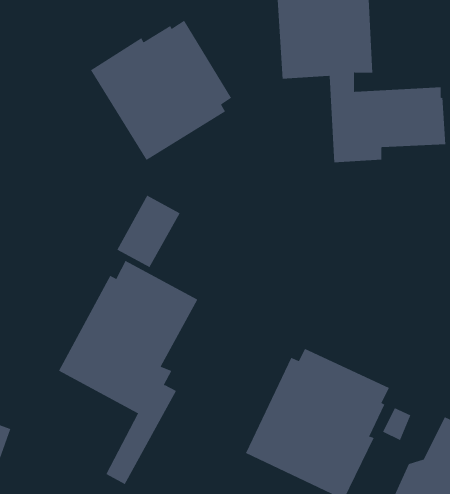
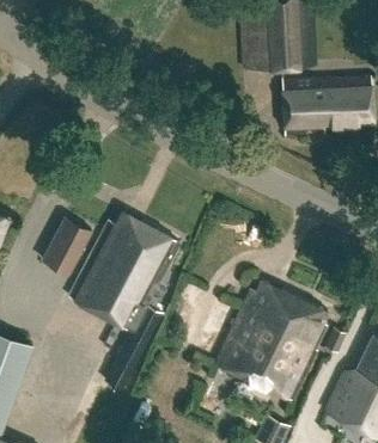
building: [90,20,232,161] -> none
building: [116,195,180,268] -> [41,217,91,275]

